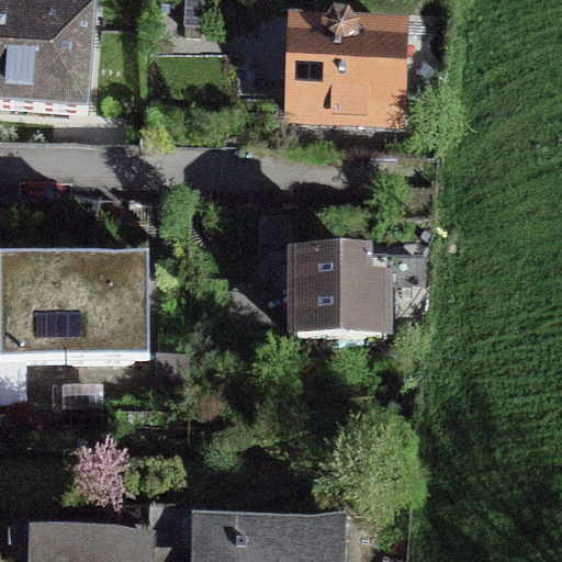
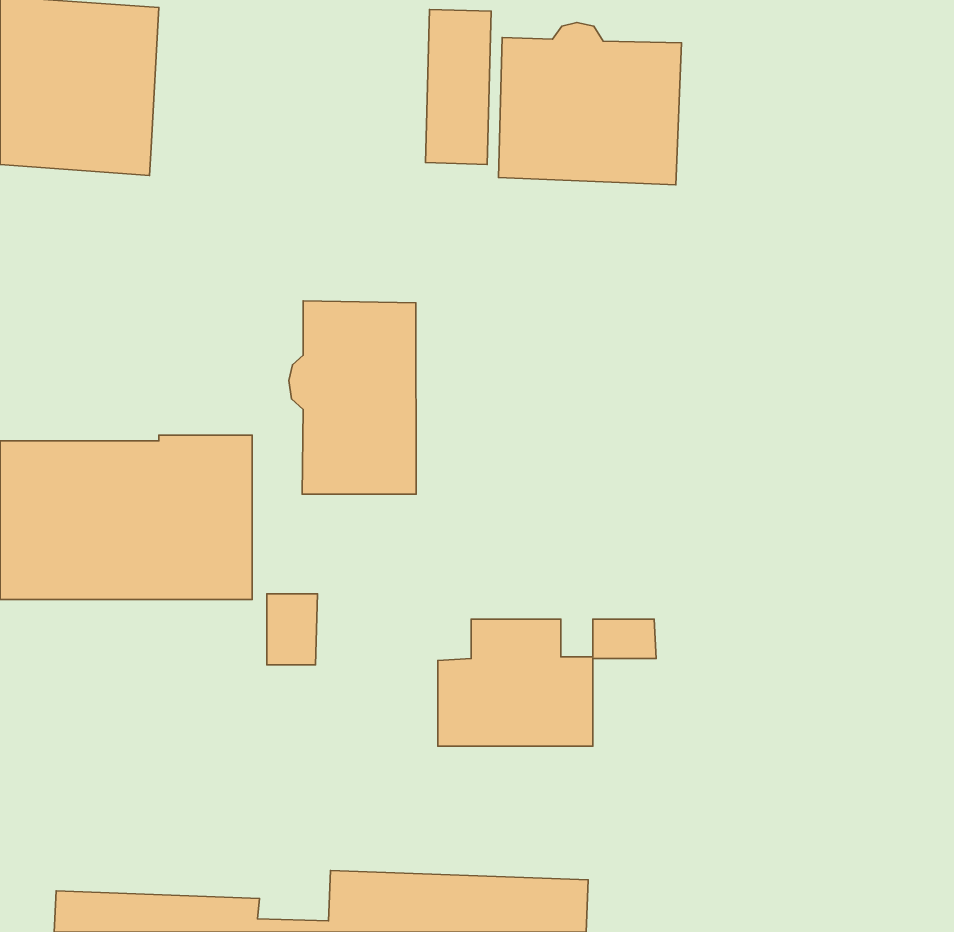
building: none -> [289,301,416,494]
building: [294,250,423,325] -> [438,619,656,746]

